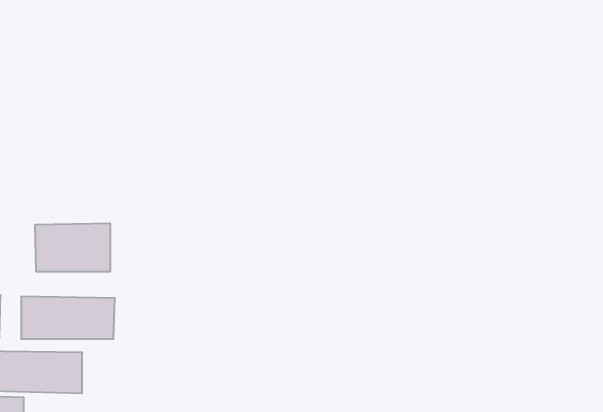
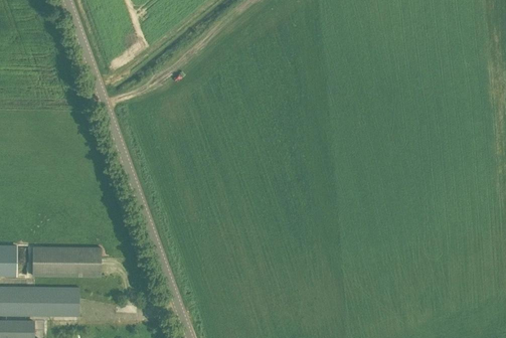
building: [35,223,110,272] -> none

